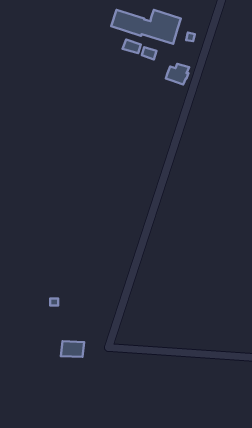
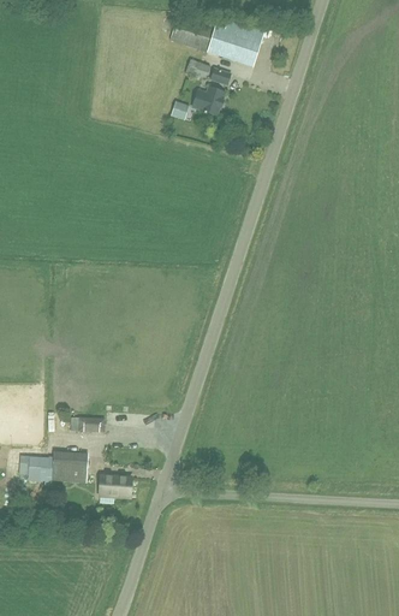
building: [166,64,189,85] -> [191,87,224,116]
building: none -> [26,450,87,482]

